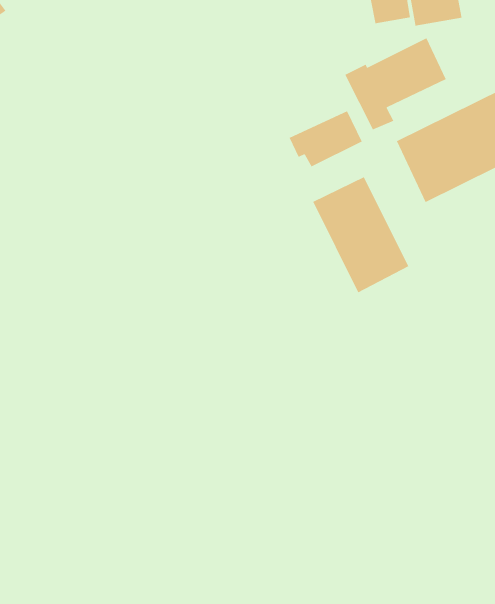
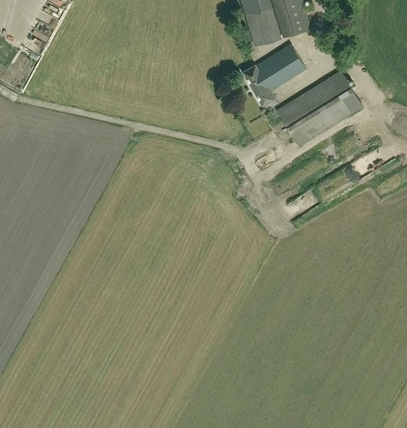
building: [289,110,363,168] -> none
building: [312,176,409,293] -> none

